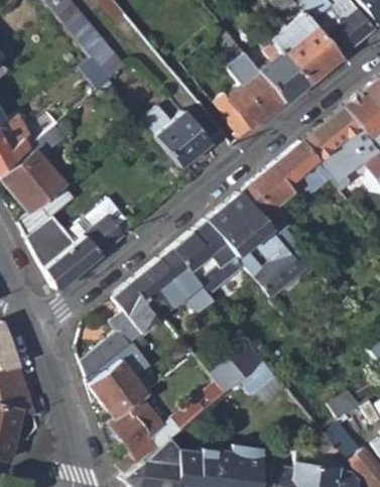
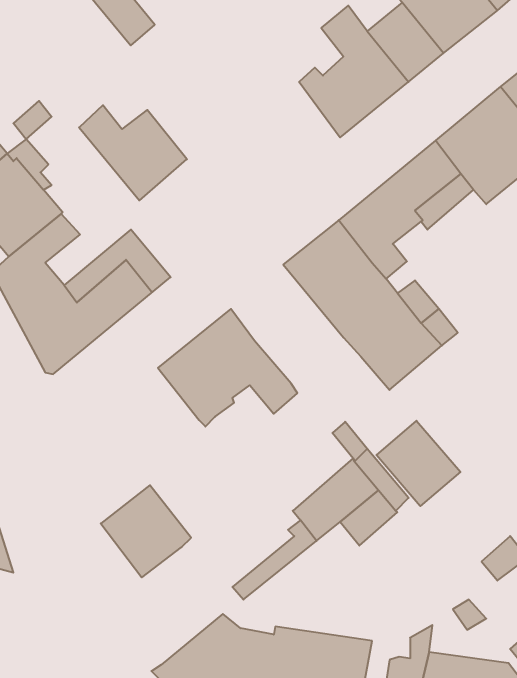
building: [143,107,212,167] -> [79,105,187,200]
building: [172,219,244,294] -> none
building: [82,284,156,378] -> none
building: none -> [376,421,460,506]
building: [109,398,172,473] -> none

